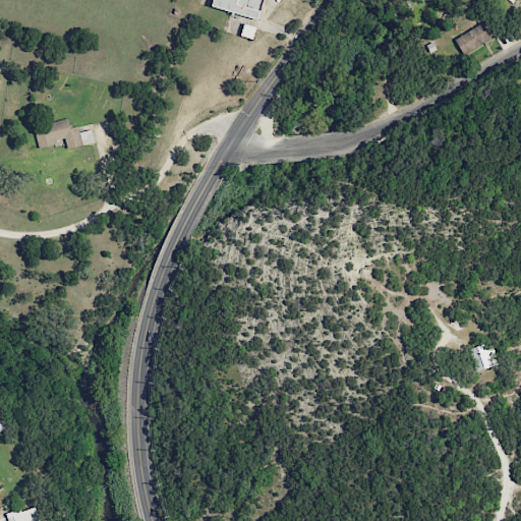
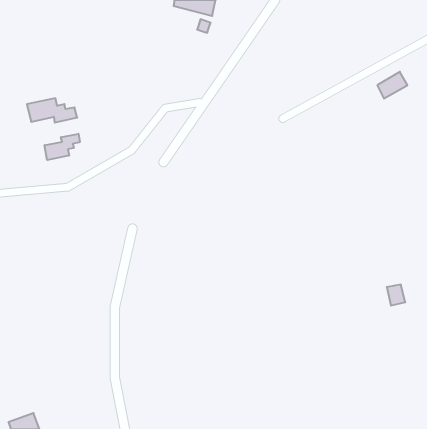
building: [456,22,493,55] -> [377,72,407,99]
building: none -> [45,134,80,160]

